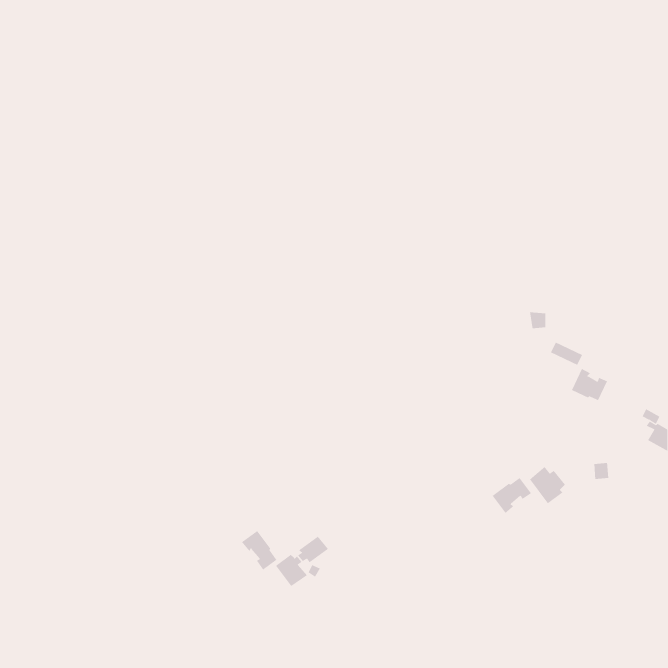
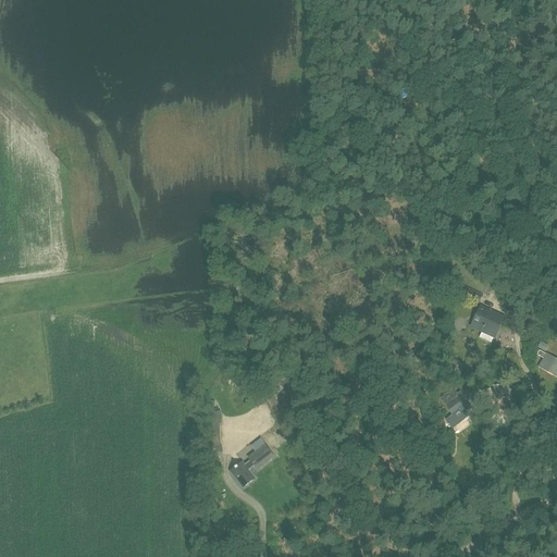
building: [492,477,532,514] -> none
building: [241,530,277,570] -> none

